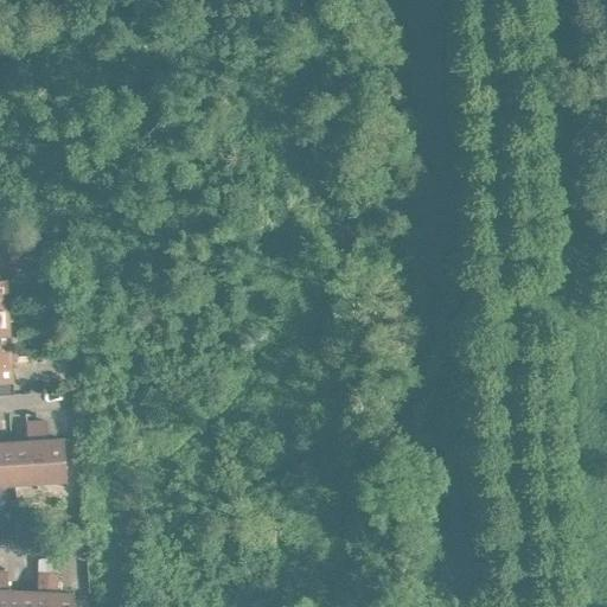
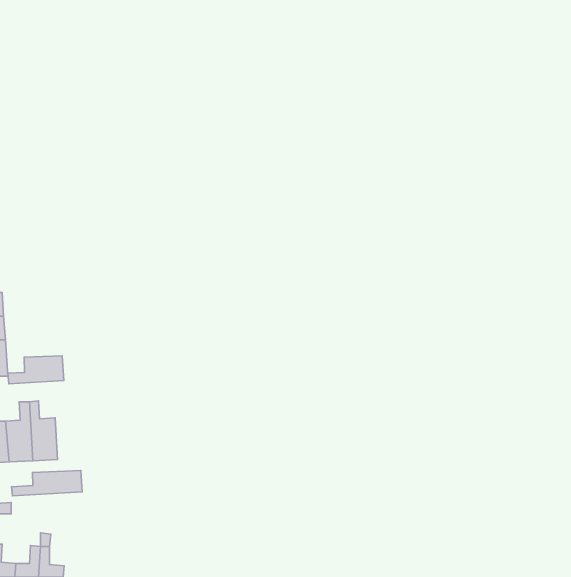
building: none -> [8,356,64,384]
building: none -> [11,471,82,496]

